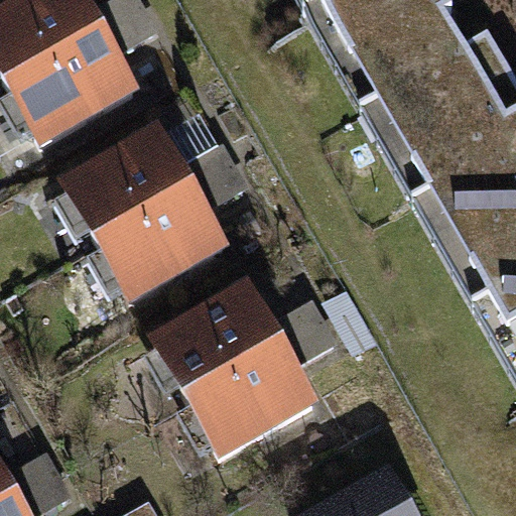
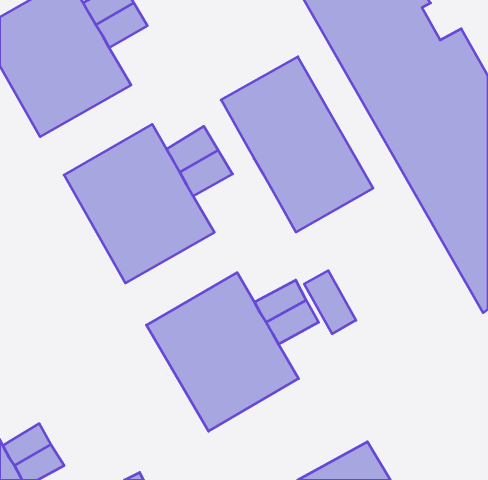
building: none -> [221,57,373,232]

